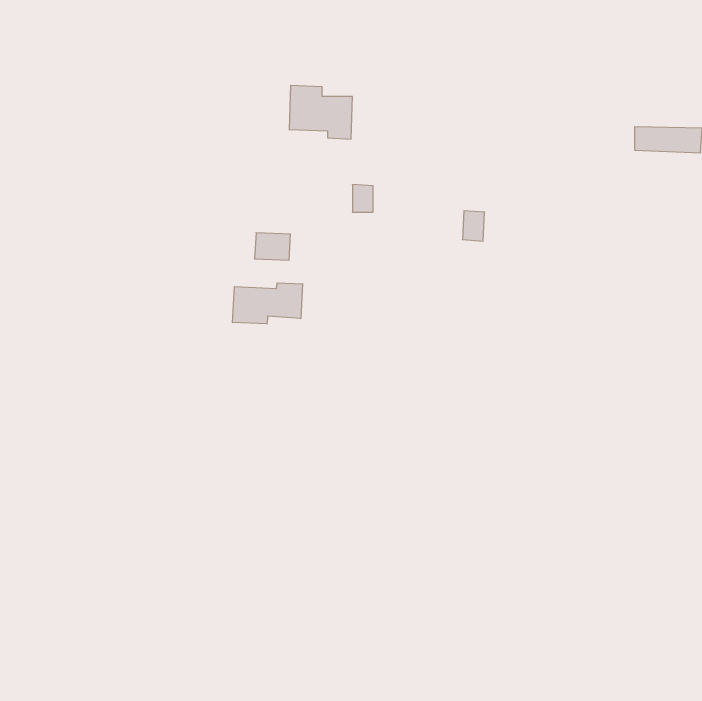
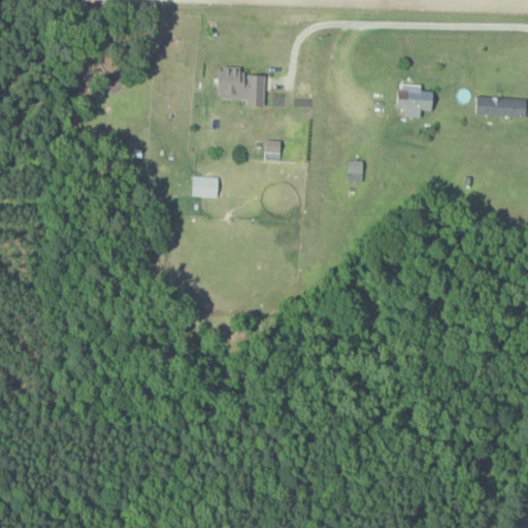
building: none -> [398,84,433,118]
building: [232,283,303,324] -> none

